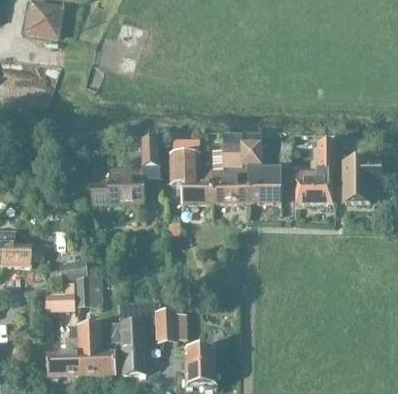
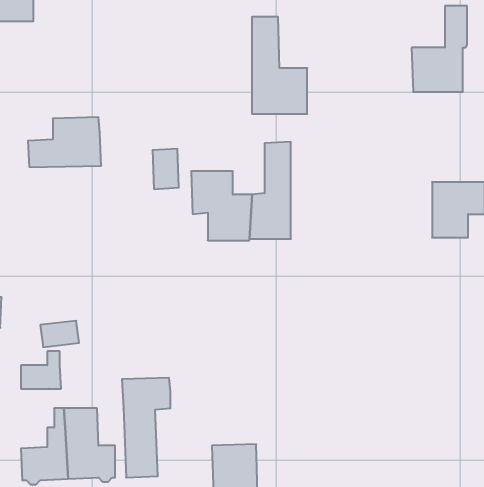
building: [241,131,281,201] -> [252,17,307,114]
building: [295,139,335,201] -> [412,6,467,92]
building: [91,167,144,203] -> [28,117,101,167]
building: [76,274,102,305] -> none
building: [154,310,176,342] -> none

